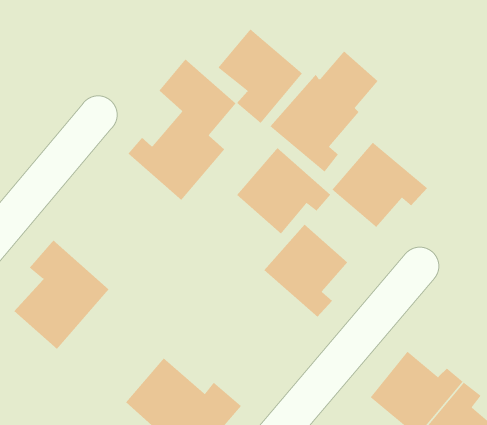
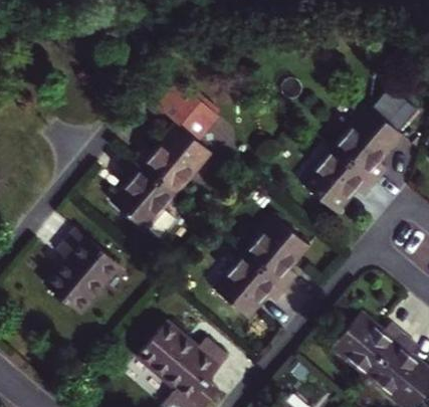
building: [218,29,303,124] -> none
building: [270,51,379,172] -> [332,89,417,185]
building: [236,147,331,235] -> [214,249,288,318]
building: none -> [116,158,182,231]

